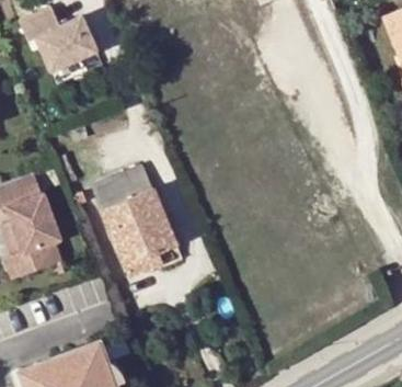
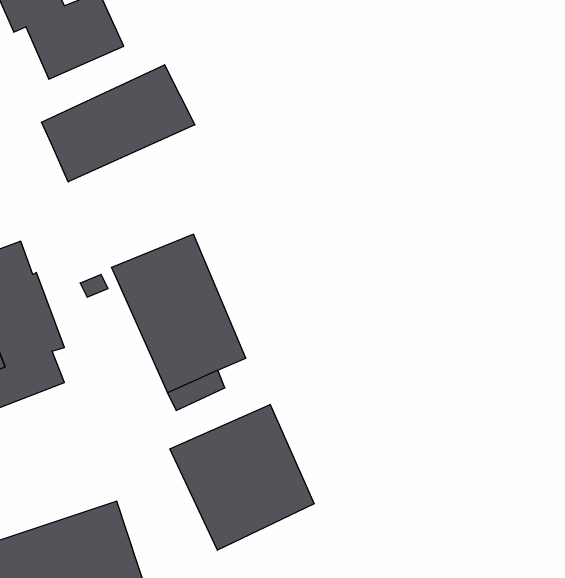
building: none -> [41,65,195,182]
building: none -> [170,404,314,550]

